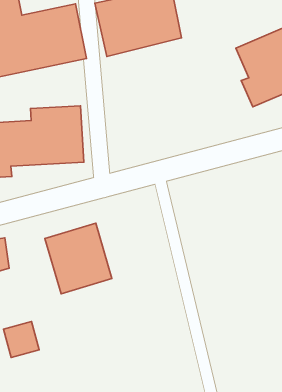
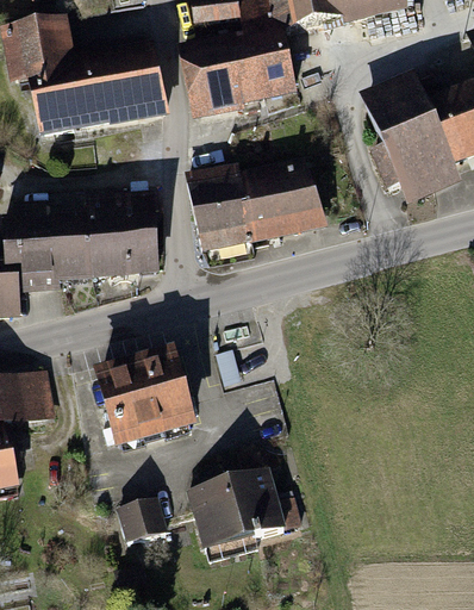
building: none -> [183,158,325,255]
building: none -> [185,466,303,552]
building: [4,322,39,357] -> [116,497,166,547]

